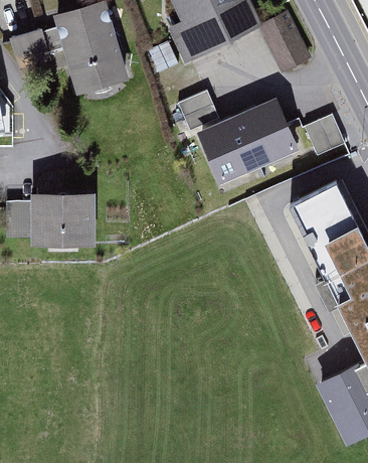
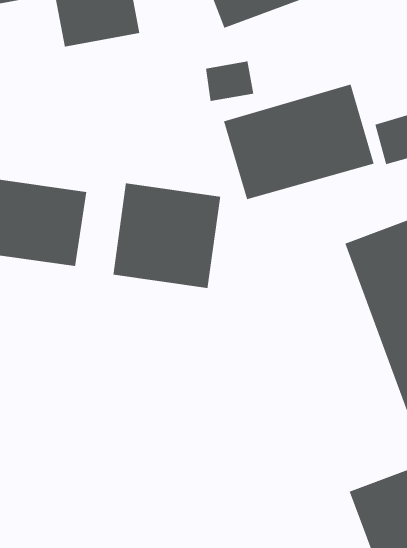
building: none -> [113,183,221,289]

